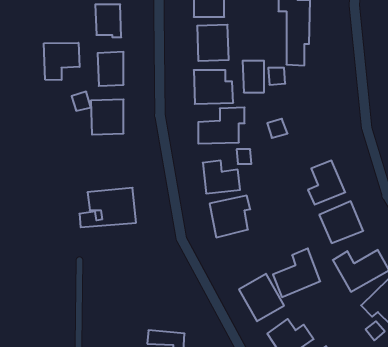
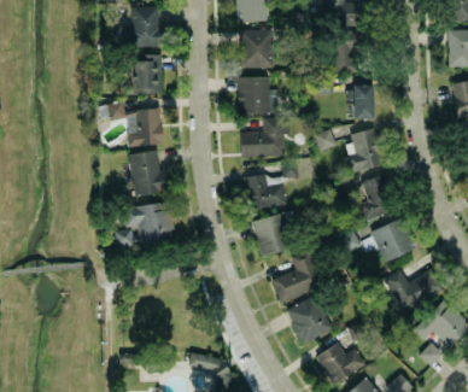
building: [44,43,80,80] -> none
building: [243,61,264,92] -> [351,84,374,118]
building: none -> [346,129,382,171]
building: none -> [130,151,166,194]
building: [273,248,320,297] -> [271,251,322,303]

